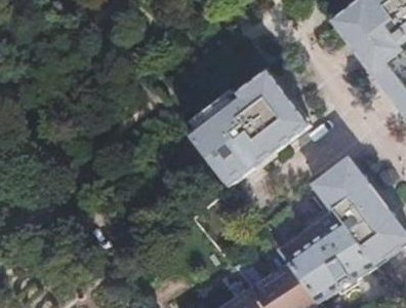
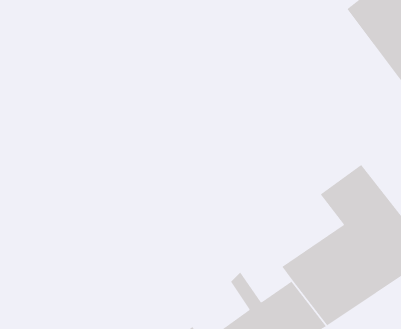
building: [187,71,308,186] -> none

